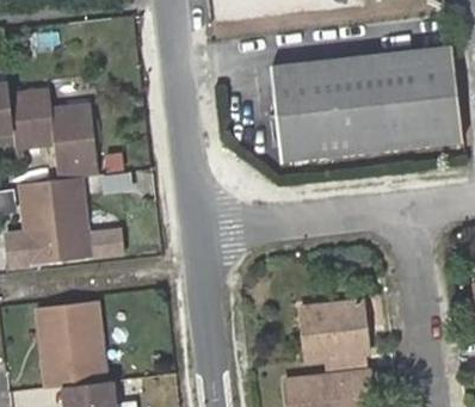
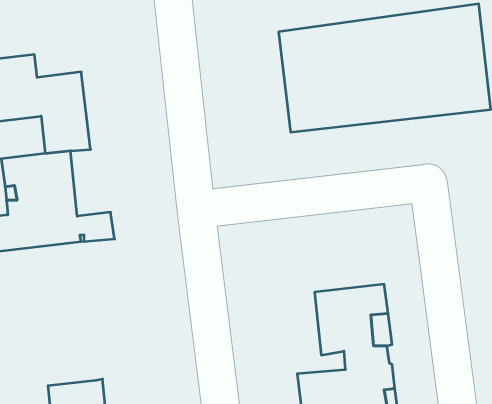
building: [35,294,105,386] -> none

